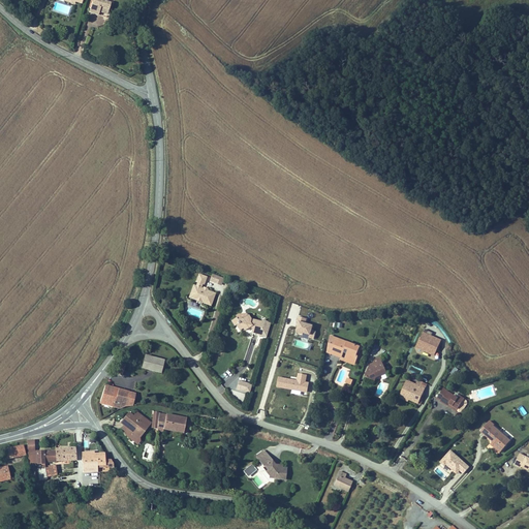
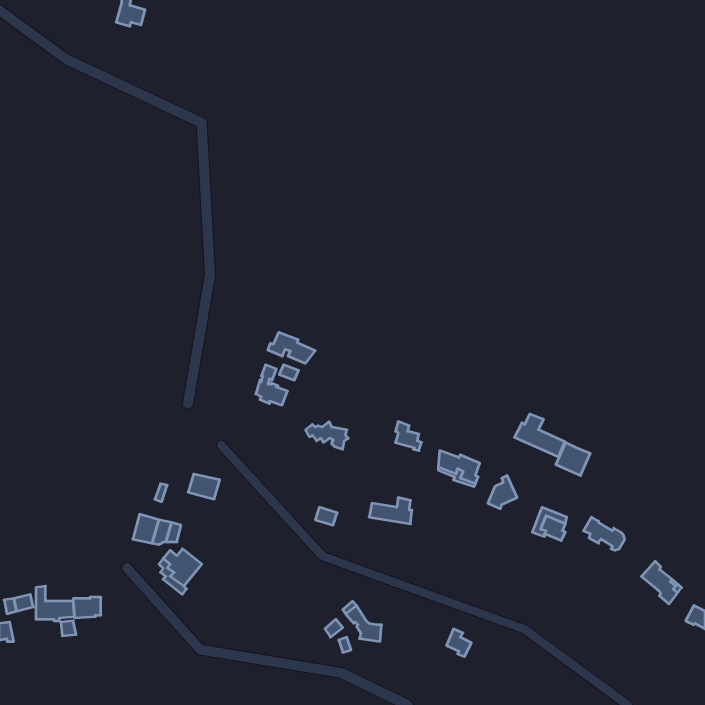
building: none -> [268,332,315,363]
building: none -> [514,414,565,457]
building: [156,413,189,431] -> none
building: [439,448,469,476] -> none
building: [82,450,114,472] -> none

